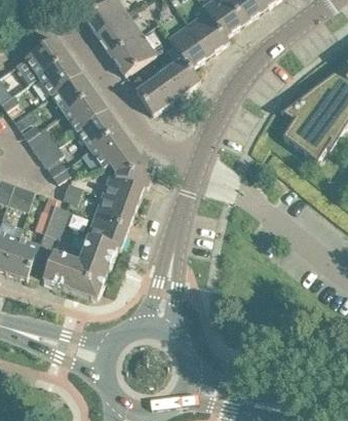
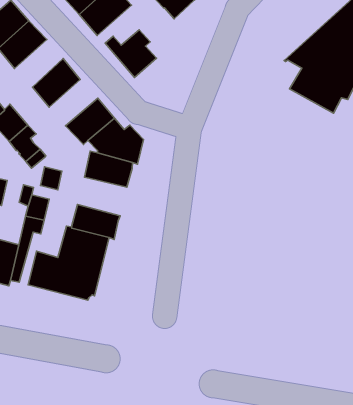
building: [160,58,200,95] -> none
building: [51,74,93,113] -> none
building: [77,111,119,149] -> none
building: [92,194,136,230] -> none

